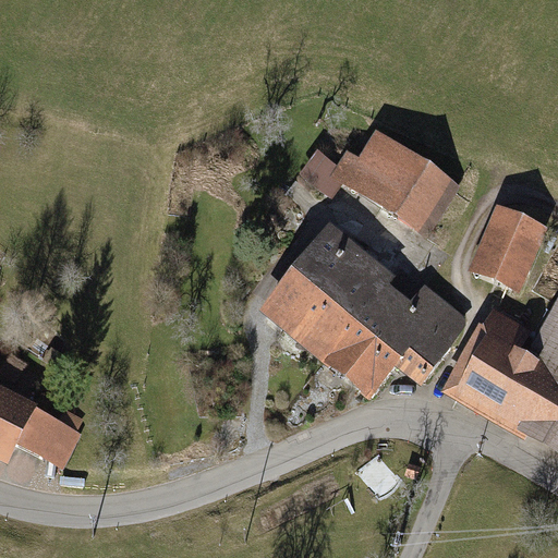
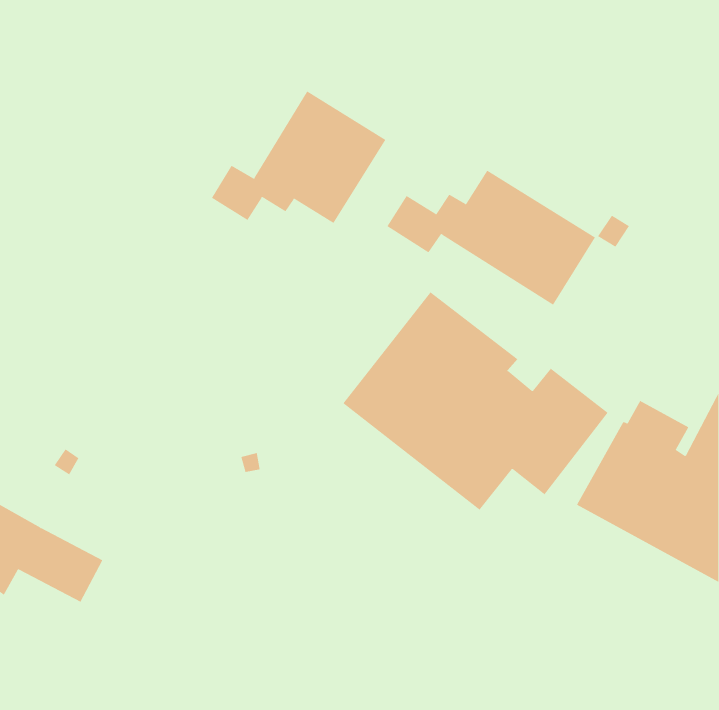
building: none -> [211,90,386,224]
building: [469,206,548,293] -> none

